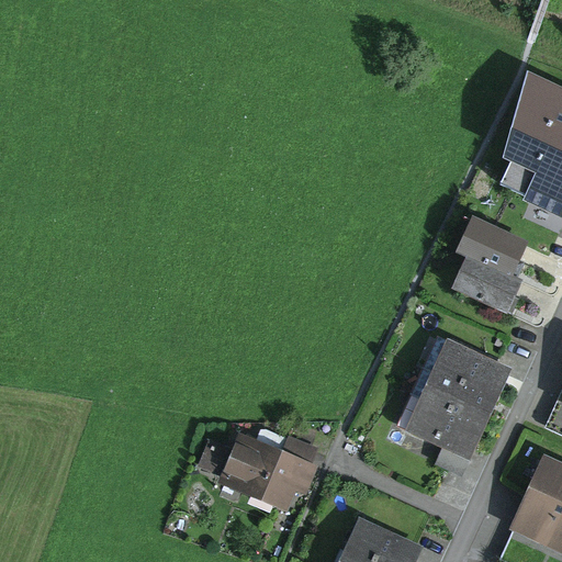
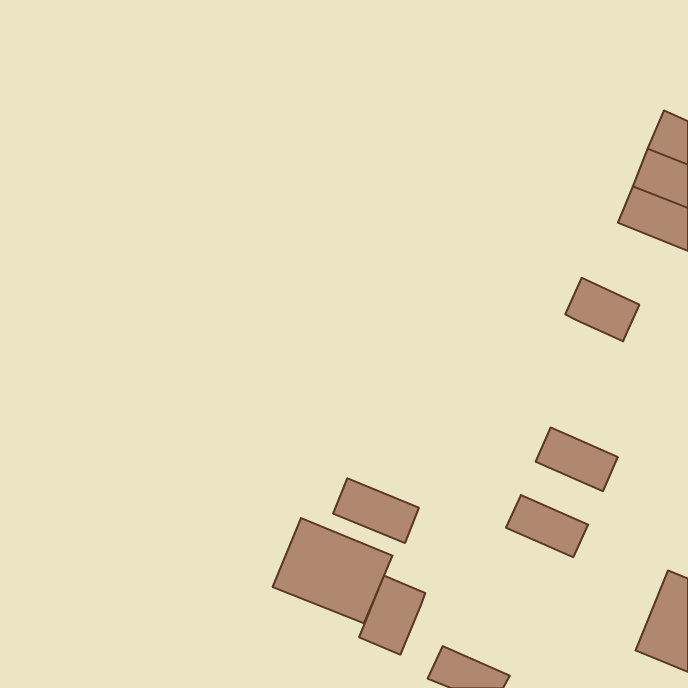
building: [457,260,517,310] -> none
building: [424,375,491,427] -> none
building: none -> [333,478,419,543]
building: none -> [359,576,425,655]

